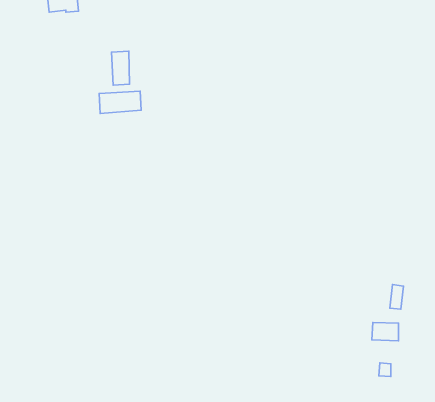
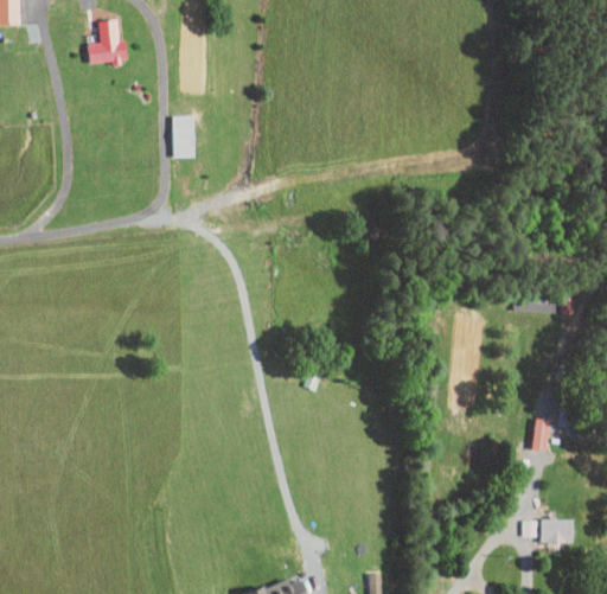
building: [99,91,141,113] -> none
building: [372,322,398,341] -> [538,519,573,543]

